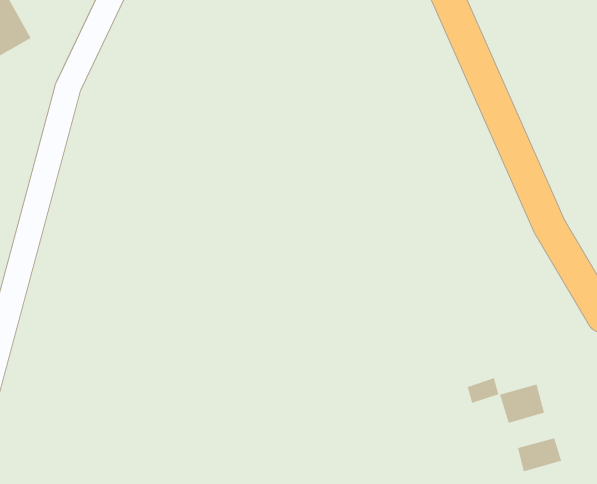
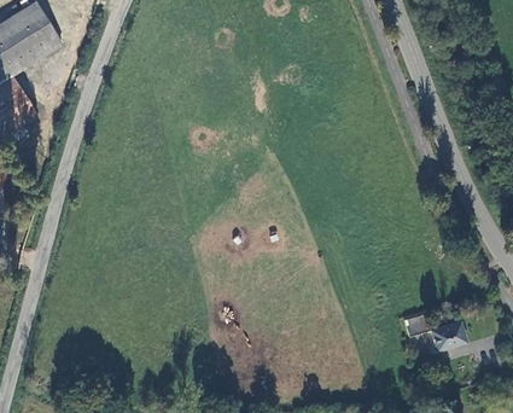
building: [518,437,562,472] -> none

